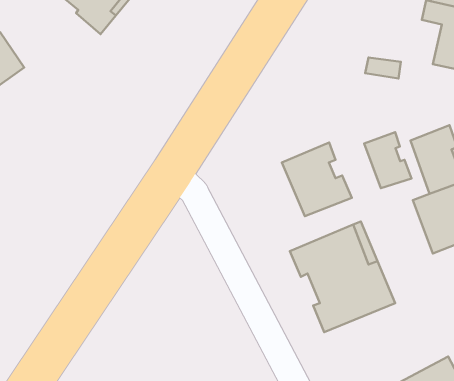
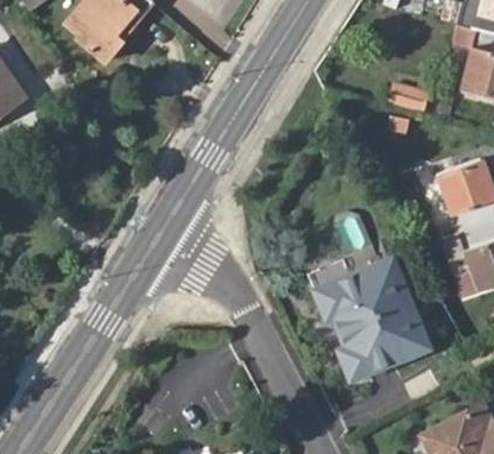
building: [364,132,411,188] -> none
building: [282,142,352,216] -> none

